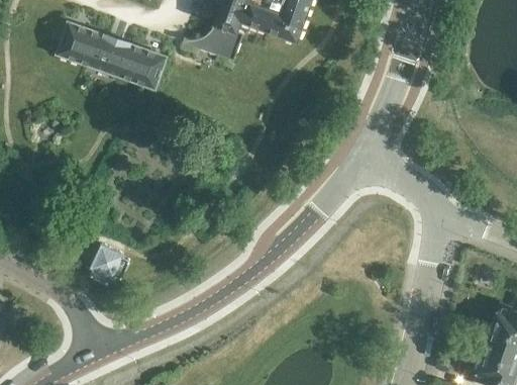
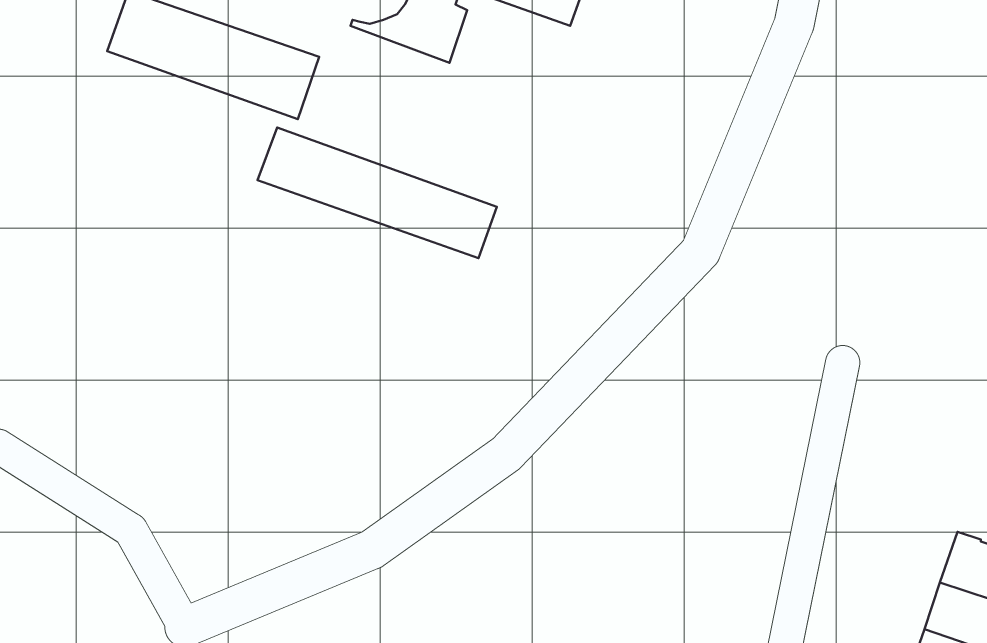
building: none -> [258,128,497,258]
building: [90,244,126,279] -> none

